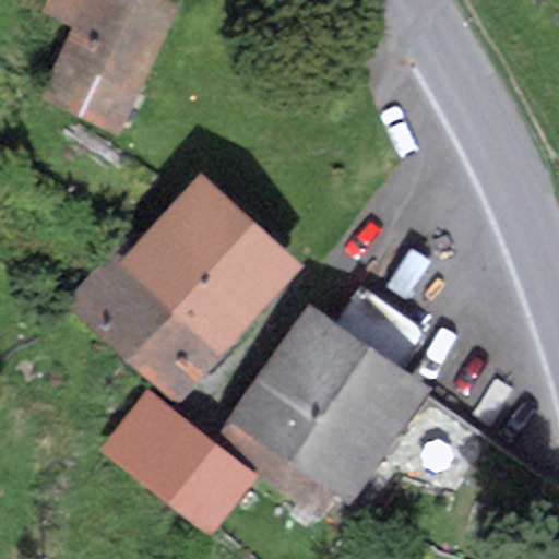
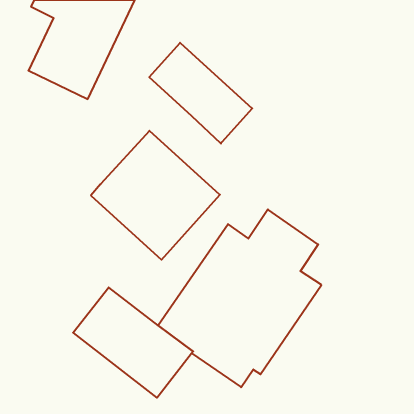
building: none -> [149,43,252,144]
building: [73,241,217,394] -> none

